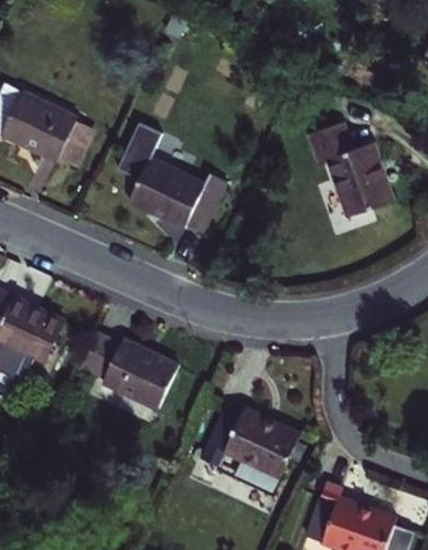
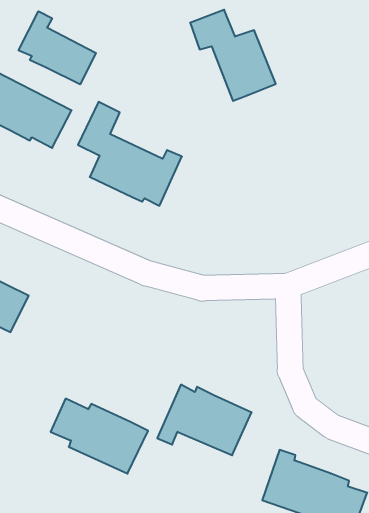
building: none -> [19,11,96,84]
building: [312,117,400,211] -> [190,10,276,101]
building: [79,336,180,413] -> [51,399,148,474]

